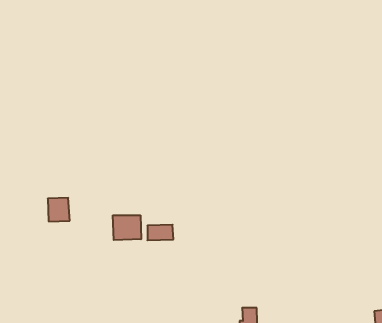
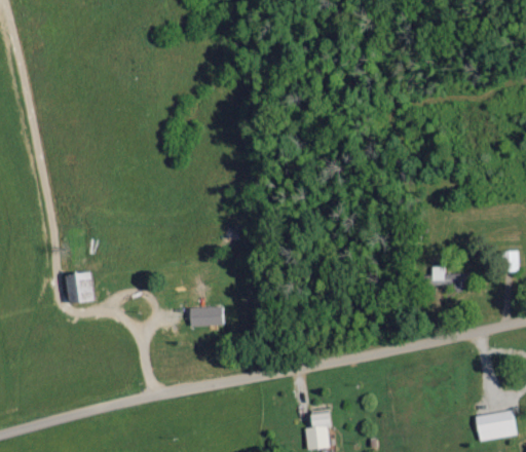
building: none -> [433,266,465,284]
building: [113,215,141,240] -> none

